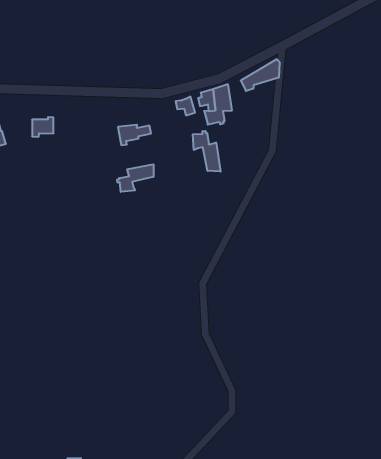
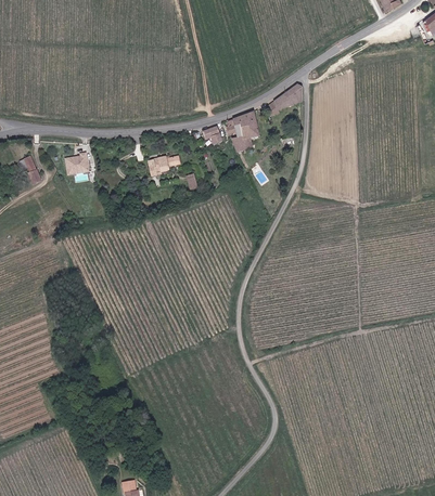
building: [193,131,221,172] -> none
building: [117,164,153,192] -> none

